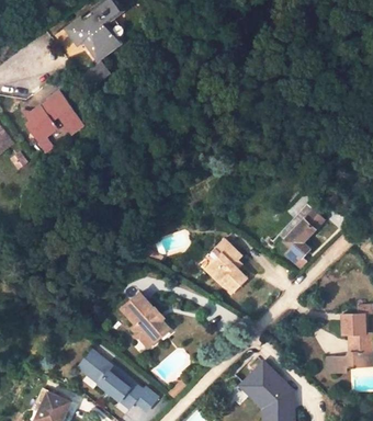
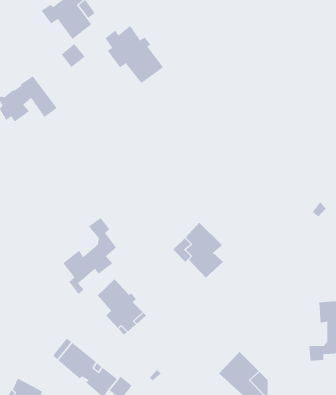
building: none -> [105,25,164,84]
building: [285,209,324,268] -> none
building: none -> [62,217,117,295]

